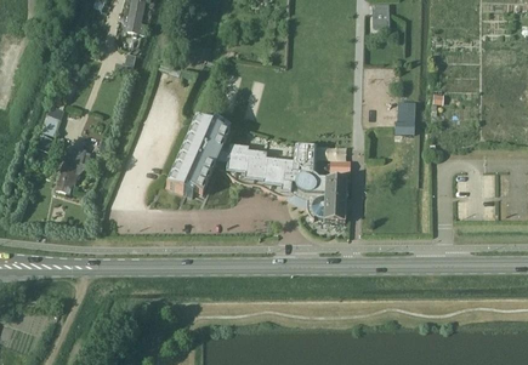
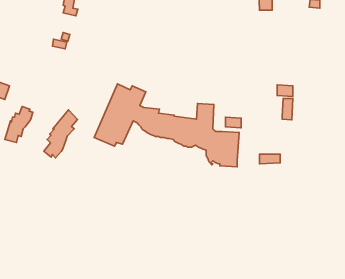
building: none -> [44,110,78,158]

